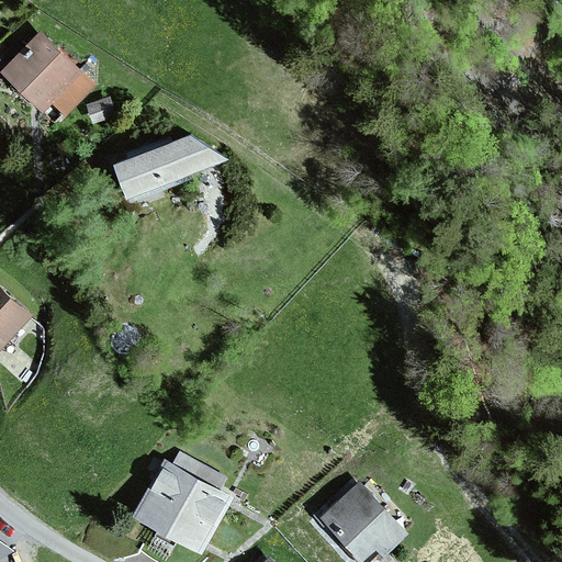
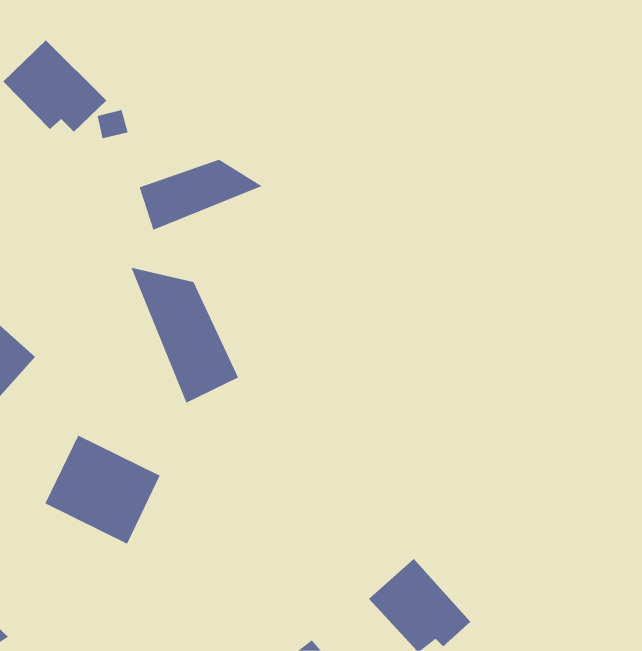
building: none -> [131,267,239,404]
building: [132,459,232,553] -> [45,435,160,544]

